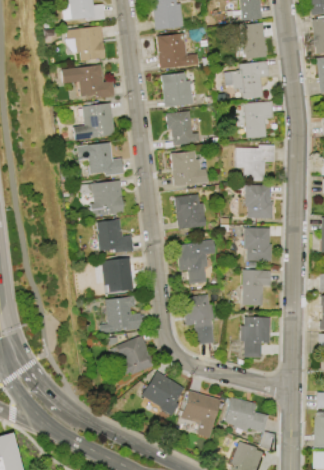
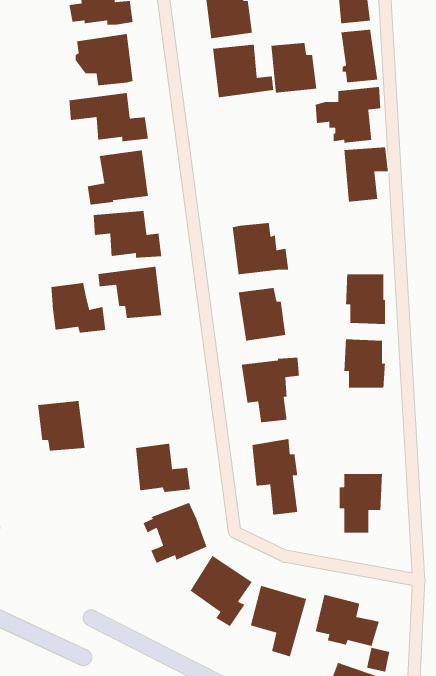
building: [162,73,193,107] -> [270,42,317,94]
building: [166,111,200,146] -> none
building: [236,145,274,180] -> none
building: [97,219,134,253] -> [50,282,106,333]
building: [102,258,134,292] -> [37,400,85,451]
building: [243,270,271,305] -> none

